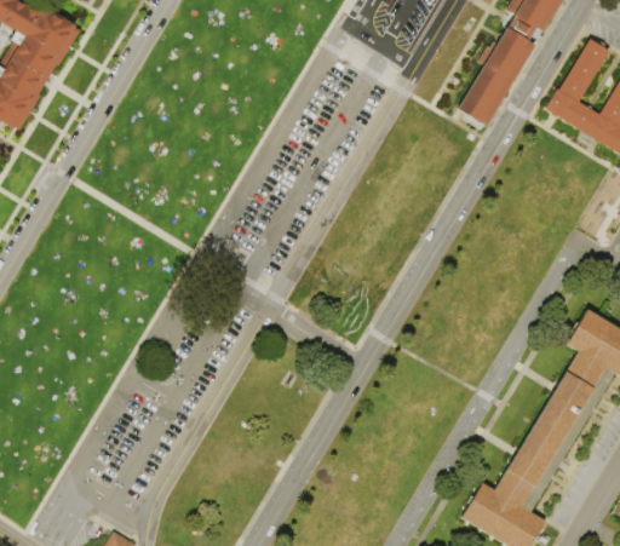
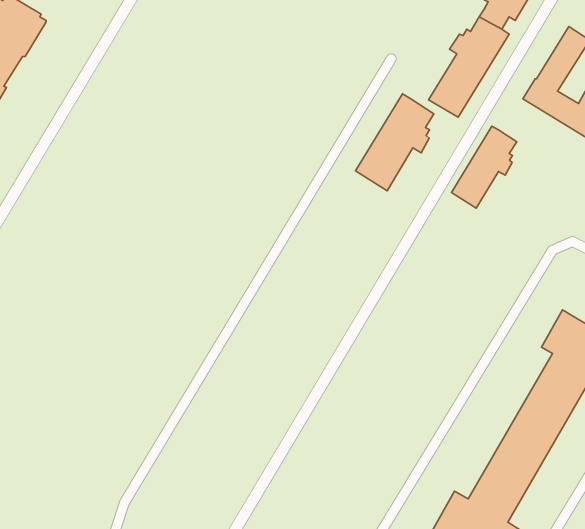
building: none -> [356,94,434,191]
building: none -> [451,126,517,208]

